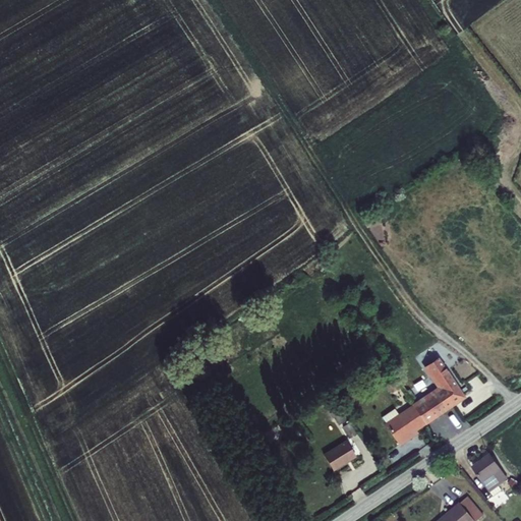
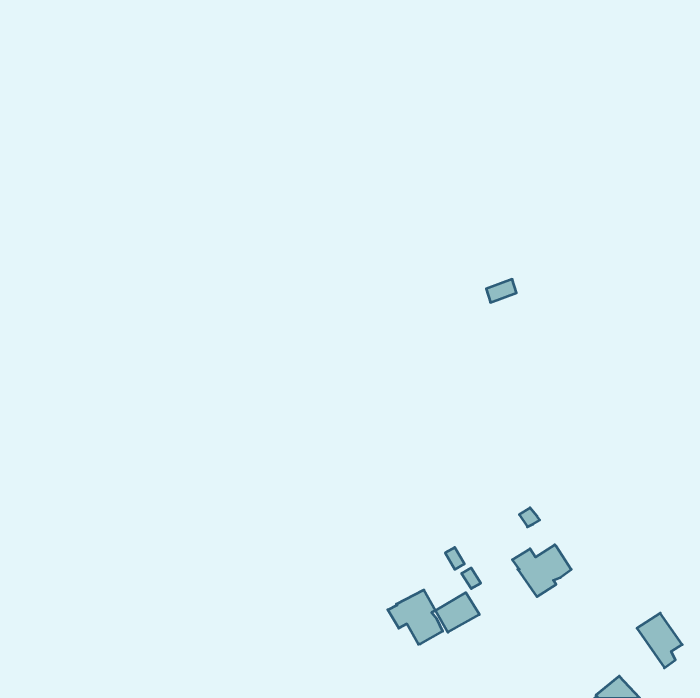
building: [413,357,465,423] -> none
building: none -> [388,590,443,644]

